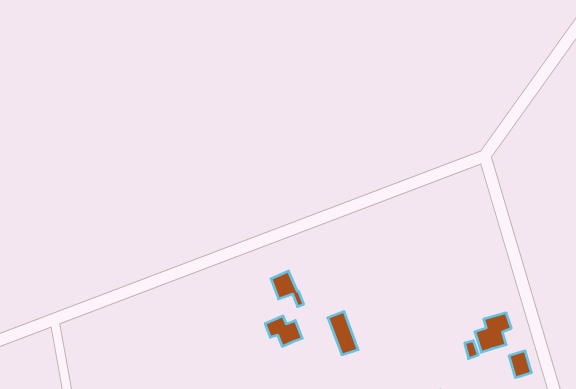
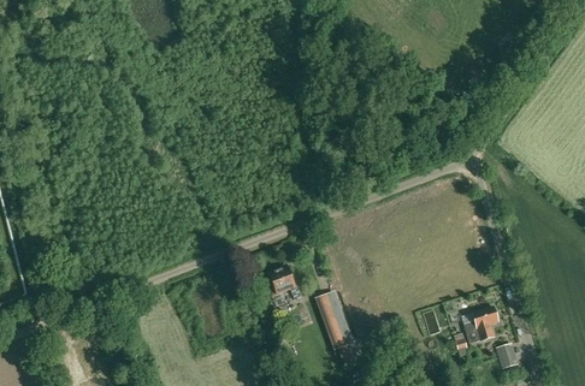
building: [265,316,302,346] -> none

